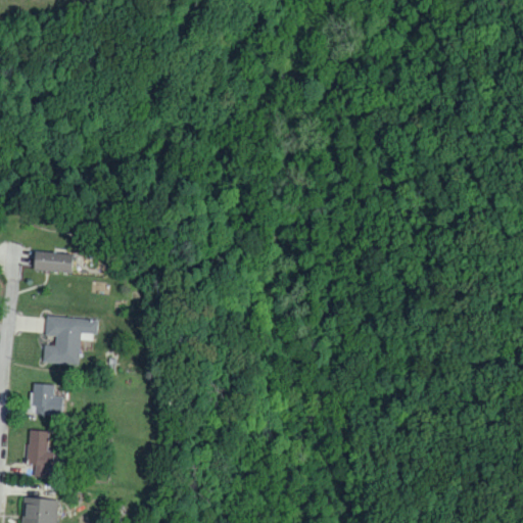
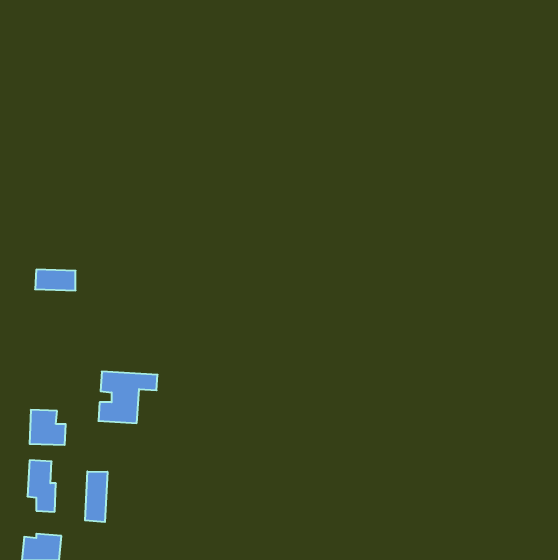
building: [44,316,99,364] -> [98,372,158,423]
building: none -> [85,471,107,522]

